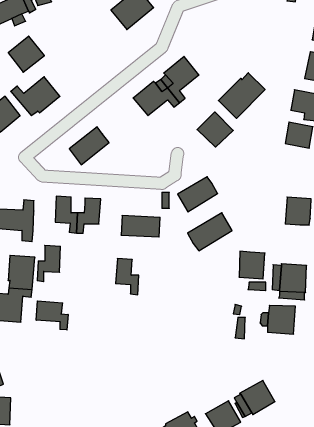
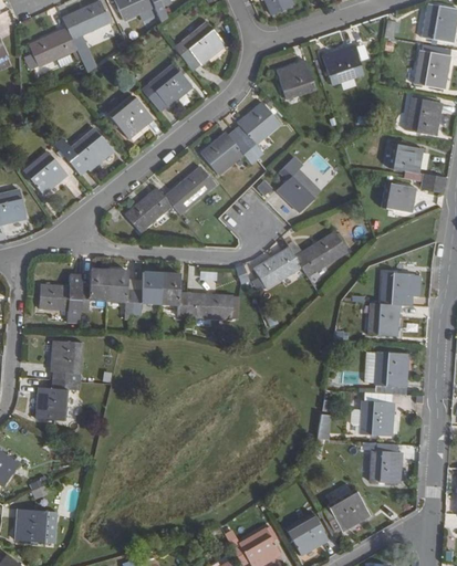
building: none -> [322,44,363,84]
building: none -> [276,61,315,99]
building: none -> [141,63,191,112]
building: [8,36,44,72] -> [110,95,153,138]
building: [218,73,265,118] -> none
building: none -> [164,167,215,214]
building: [188,213,232,251] -> [294,230,347,275]
building: [37,245,60,282] -> [81,269,108,312]
building: [239,251,265,279] -> [368,302,399,335]
building: [116,259,139,295] -> [159,273,187,316]
building: [36,301,68,330] -> none
building: none -> [370,442,402,483]

